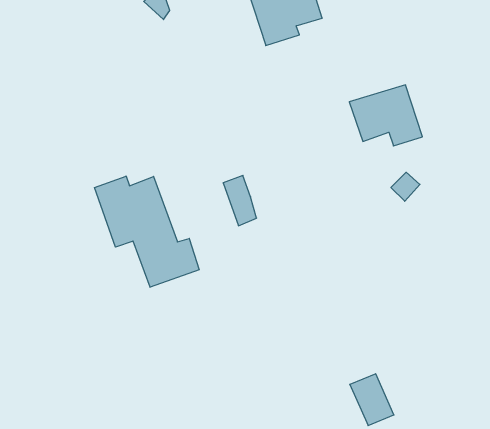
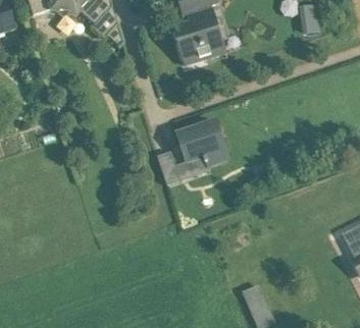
building: [349,85,422,146] -> [178,122,227,163]
building: [94,176,199,287] -> none

